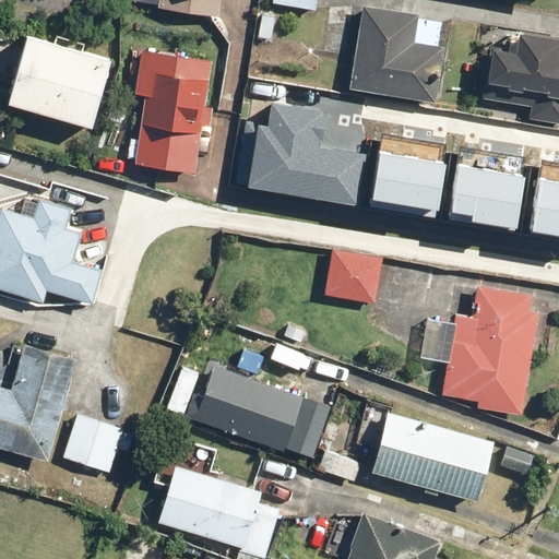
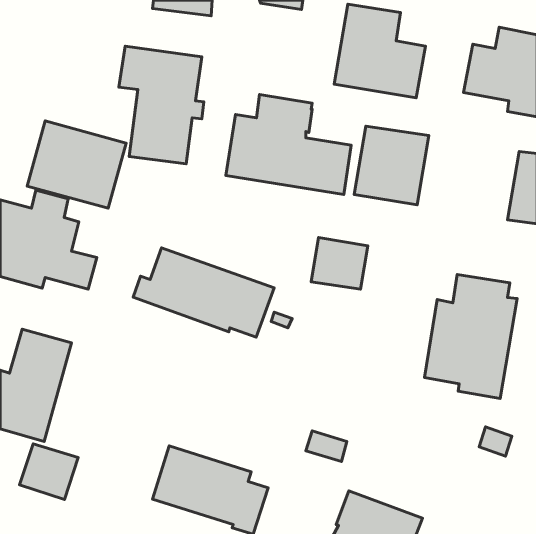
building: [9,36,111,127] -> [27,121,126,208]
building: [448,146,526,228] -> none
building: [186,366,332,459] -> [133,248,274,337]
building: [373,413,495,500] -> none
building: [62,415,123,473] -> [19,444,78,500]

